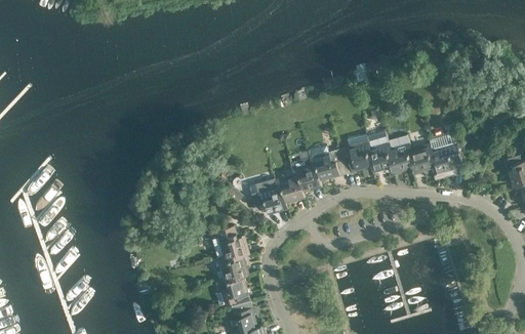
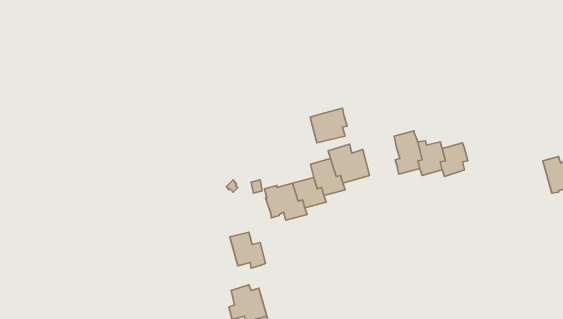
building: [339,141,373,173] -> [310,108,347,143]
building: [431,143,456,174] -> none
building: [217,253,249,279] -> none

